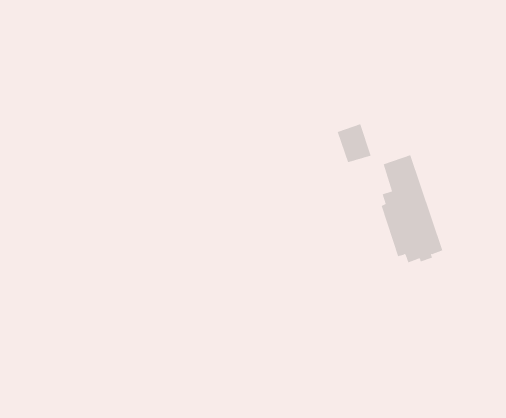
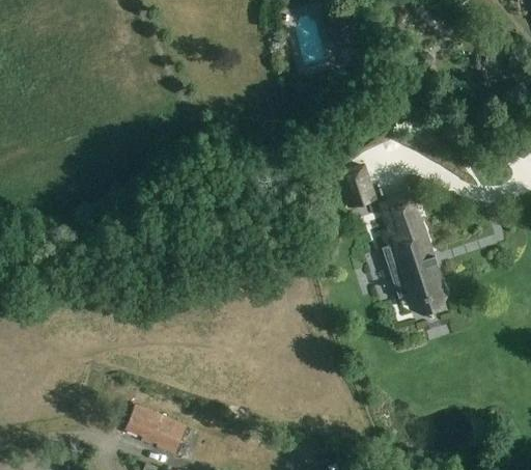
building: none -> [128,406,191,455]

